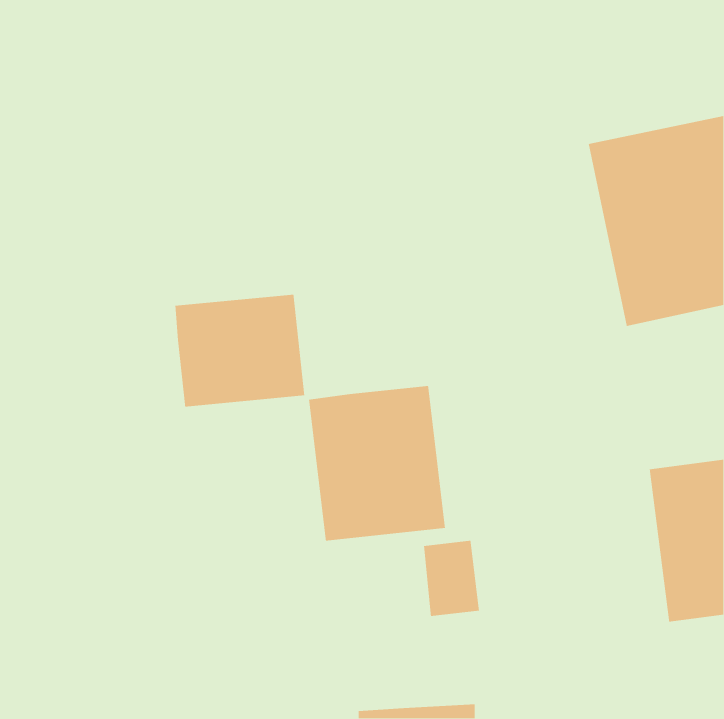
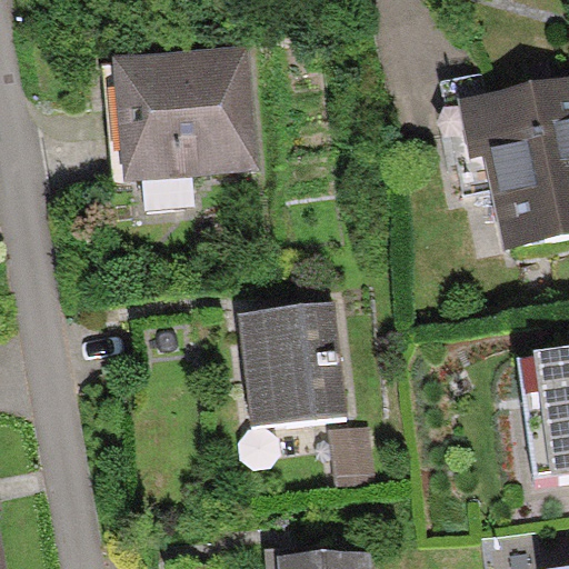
building: none -> [114,44,264,179]
building: [175,294,305,407] -> none

